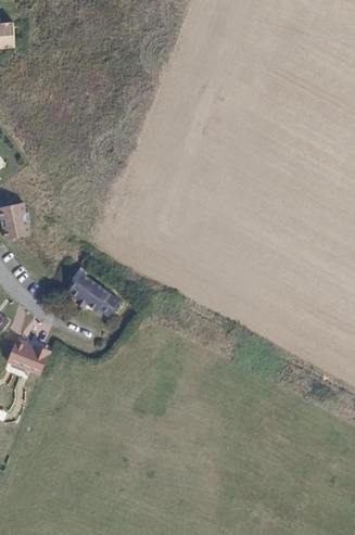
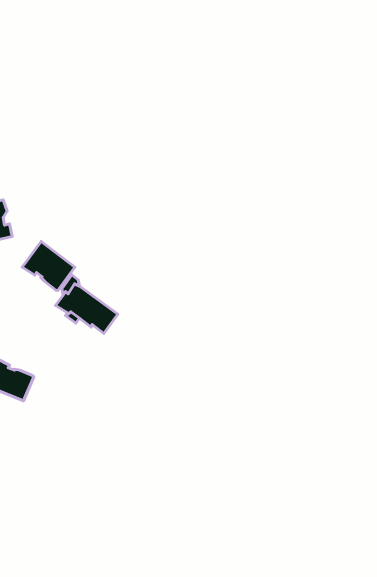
building: none -> [22,241,75,290]

